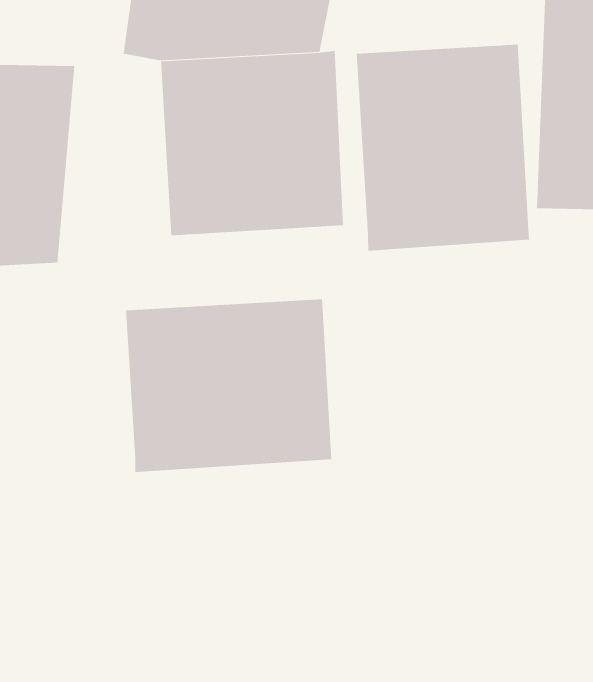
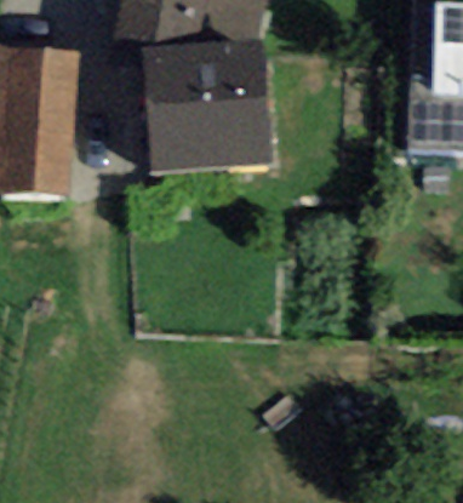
building: [356,44,530,252] -> none
building: [125,298,332,473] -> none

